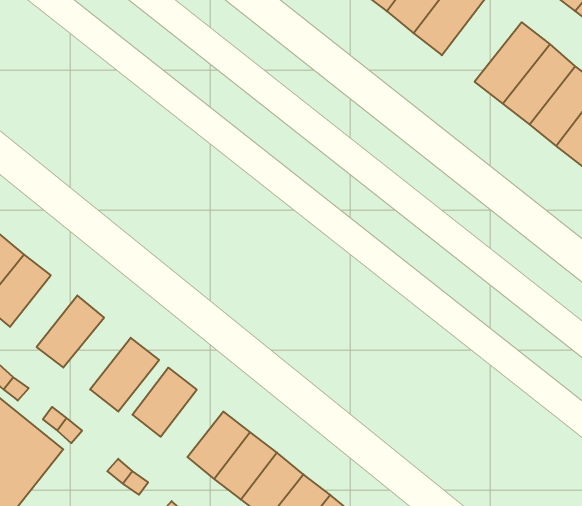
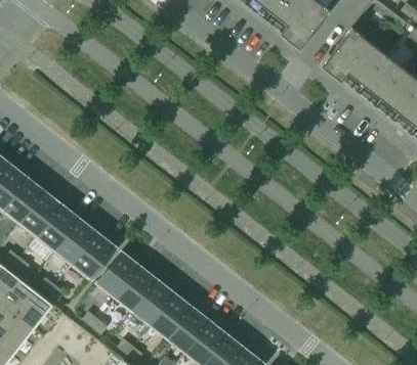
building: none -> [18,191,62,238]
building: none -> [53,219,97,266]
building: none -> [117,266,158,310]

